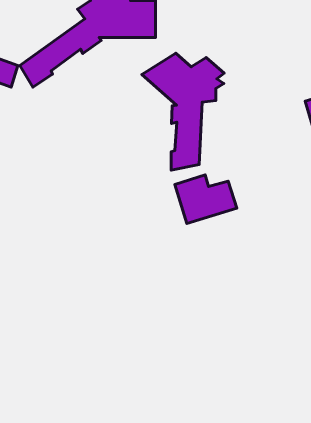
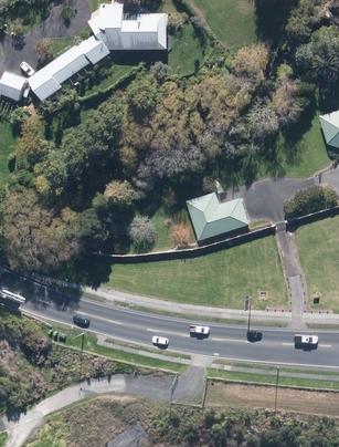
building: [142,53,224,170] -> none

